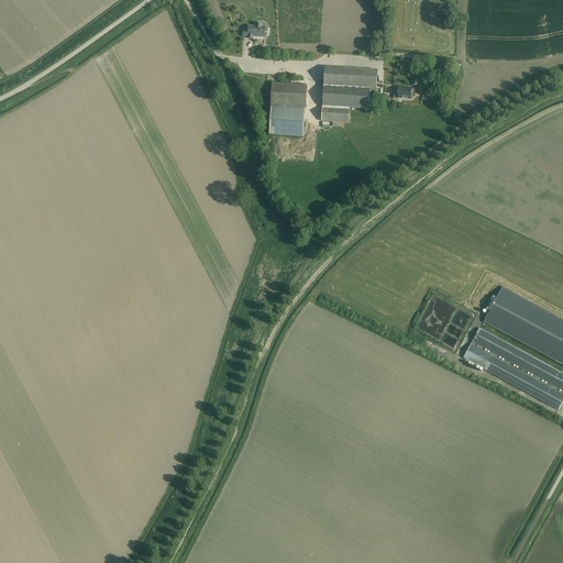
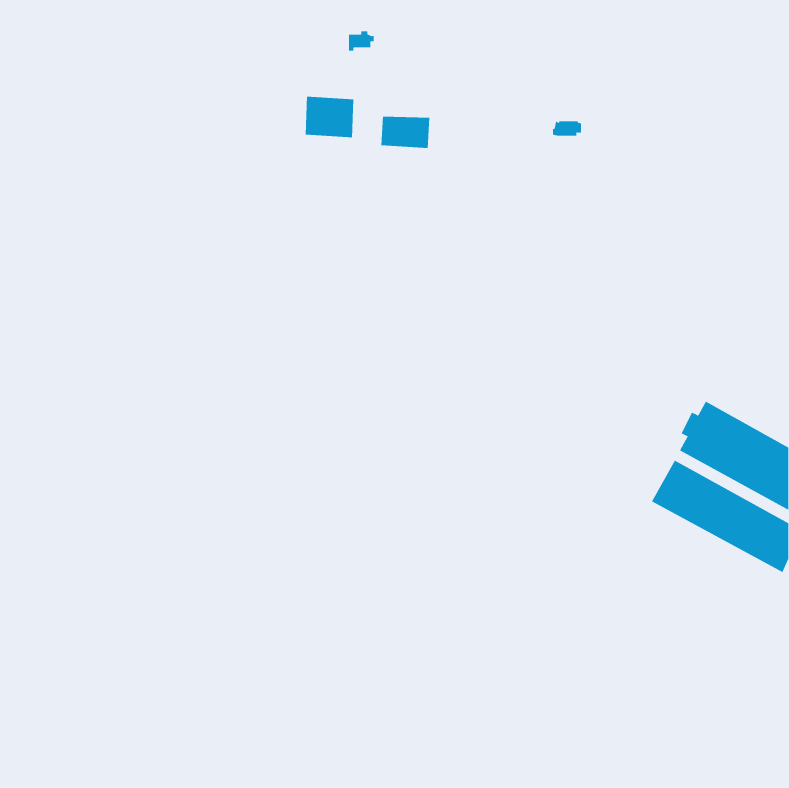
building: [321,66,376,121] -> none
building: [269,106,305,135] -> [305,96,354,138]

